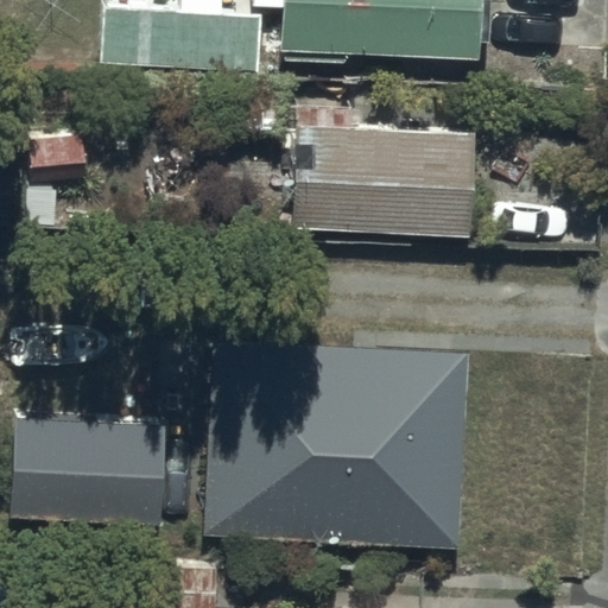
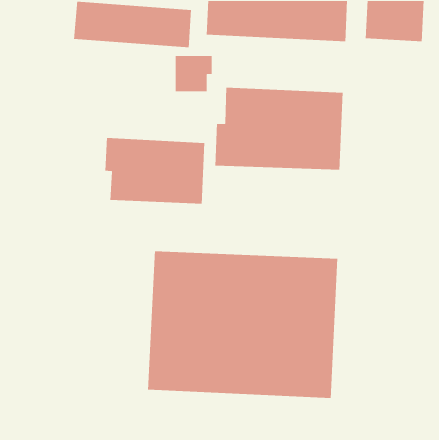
building: none -> [104,137,205,205]
building: [11,418,165,528] -> none

